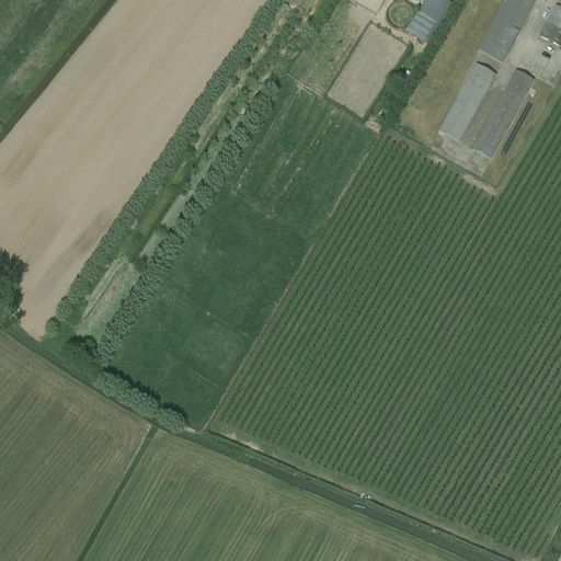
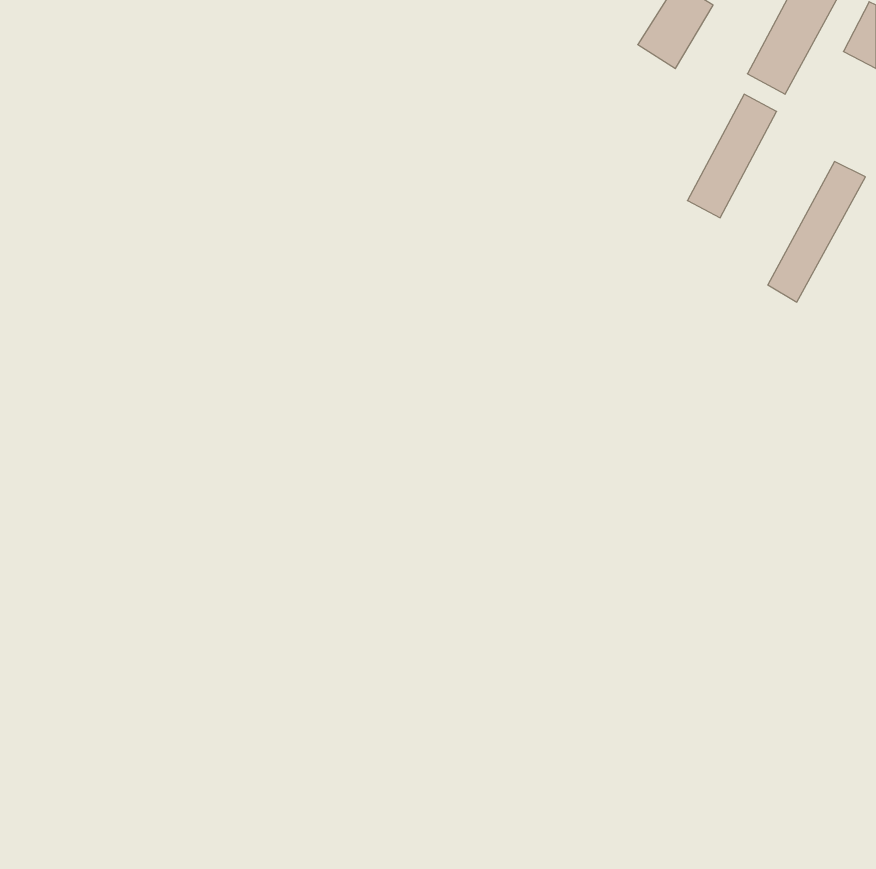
building: [472,67,535,157] -> [768,162,865,302]

